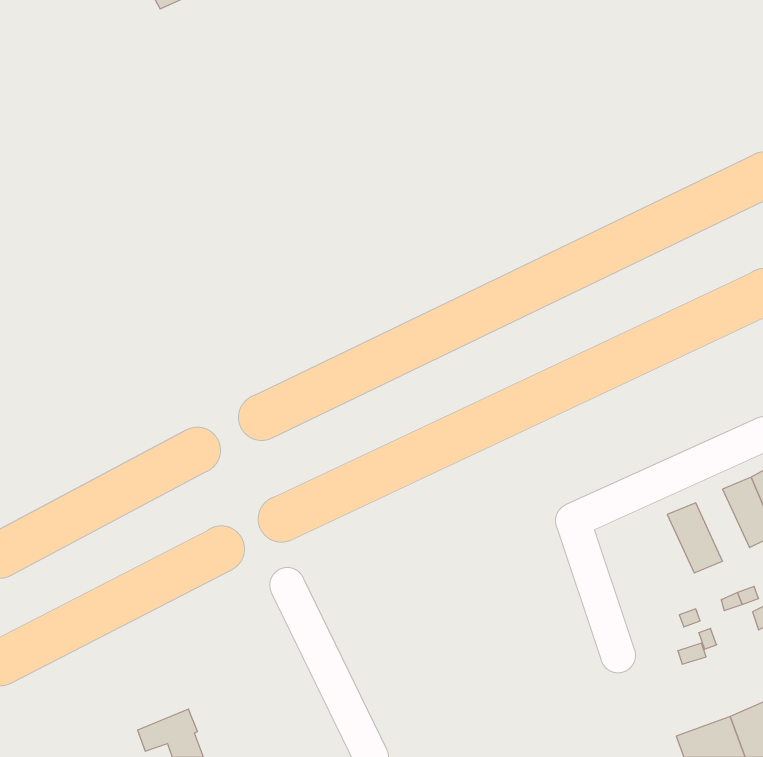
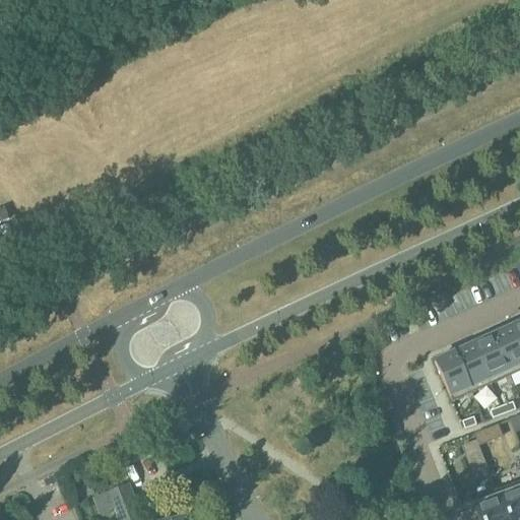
building: none -> [473,332,510,381]
building: none -> [435,349,472,398]

